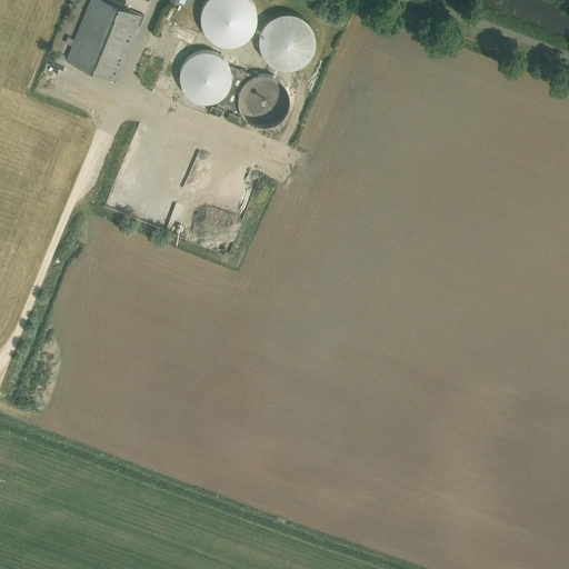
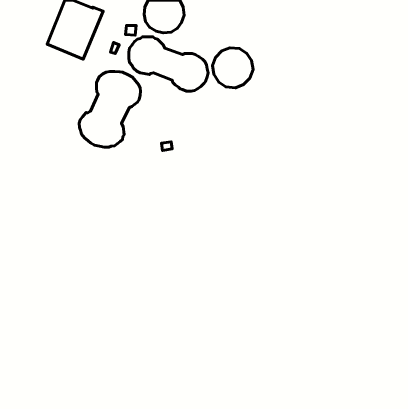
building: [258,13,315,69] -> [212,48,253,88]
building: none -> [79,71,140,147]

